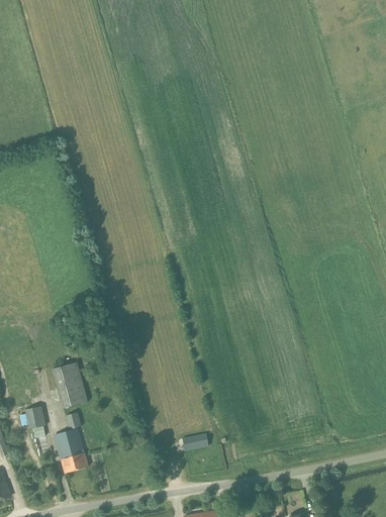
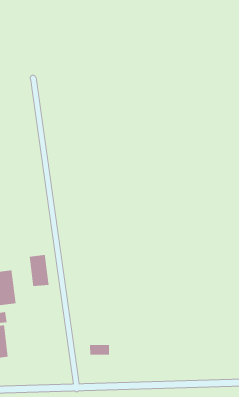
building: none -> [29,254,49,287]

